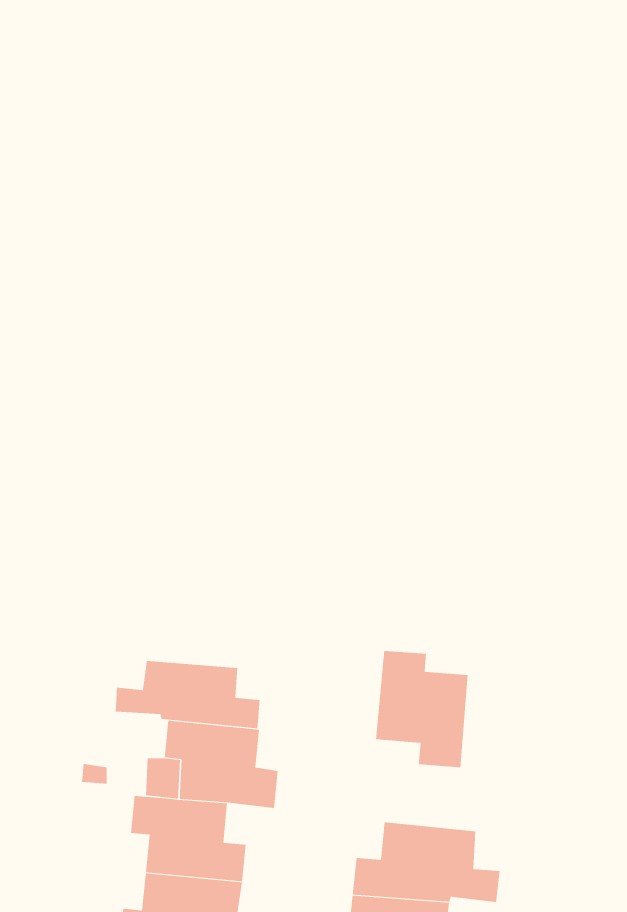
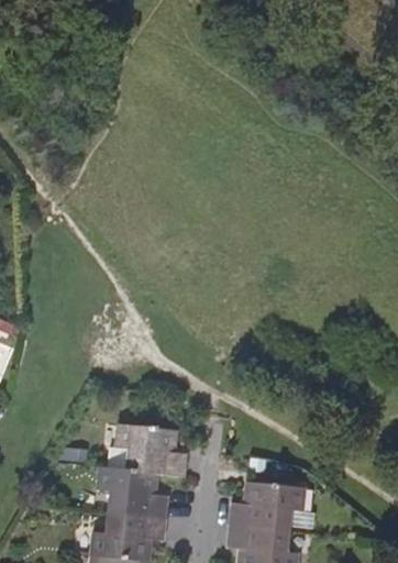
building: [375,650,468,768] -> none
building: [115,660,260,729] -> none

